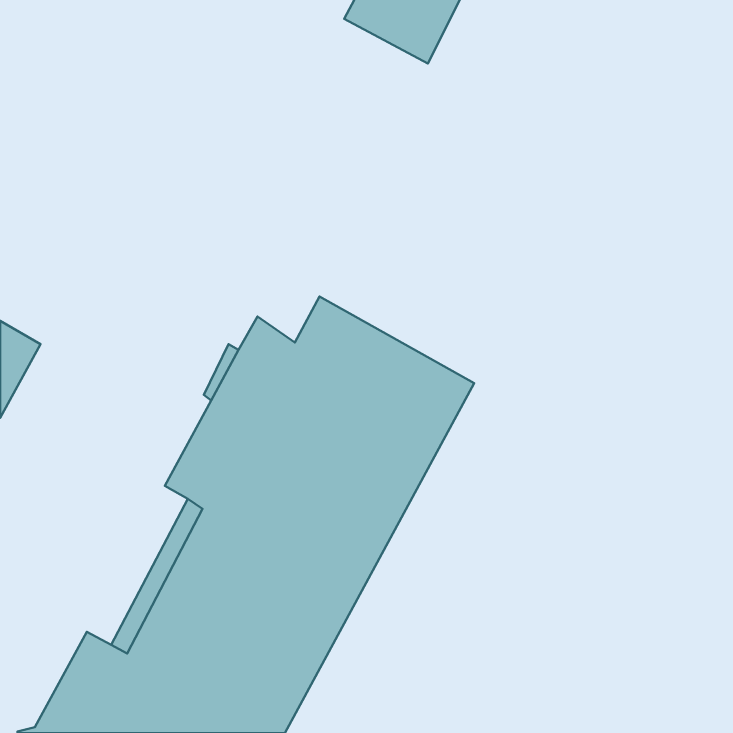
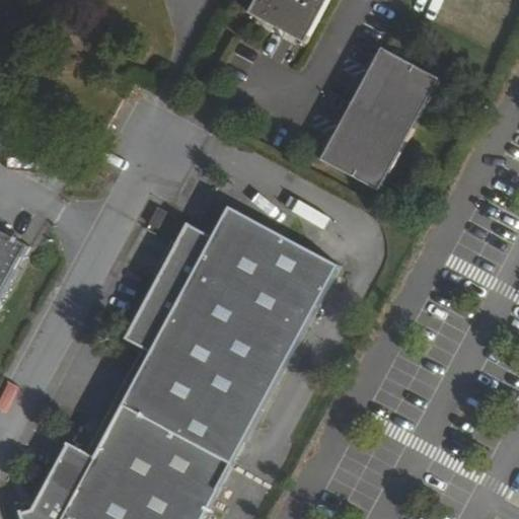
building: none -> [318,46,440,193]

